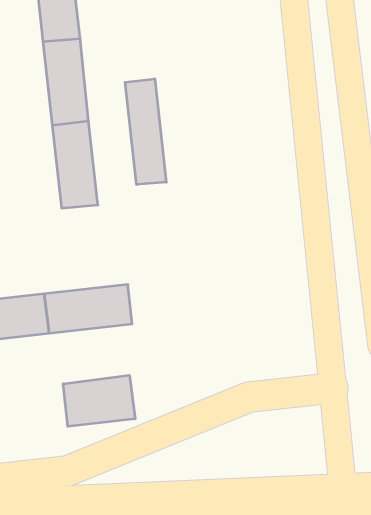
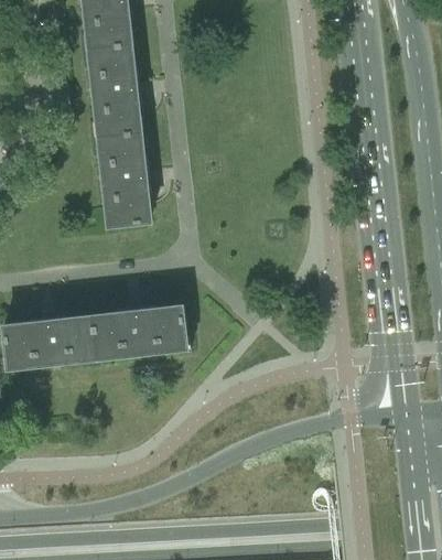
building: [125,79,166,185] -> none
building: [63,375,135,426] -> none

